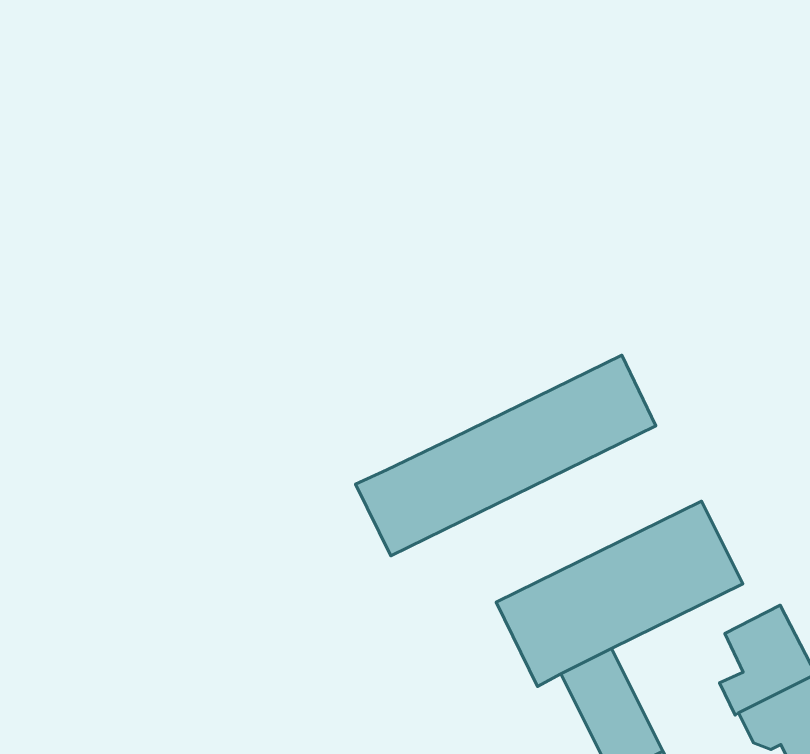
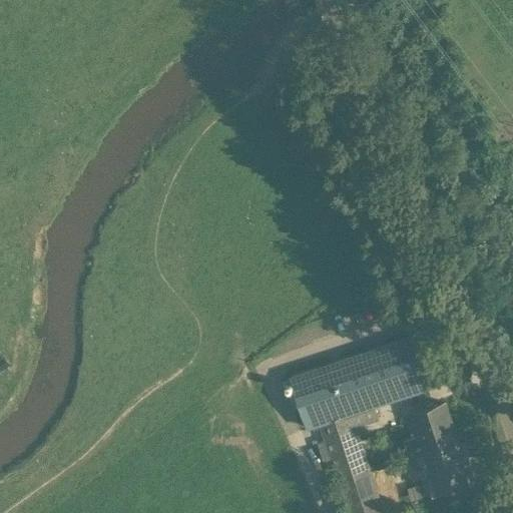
building: [356,355,656,556] -> none

